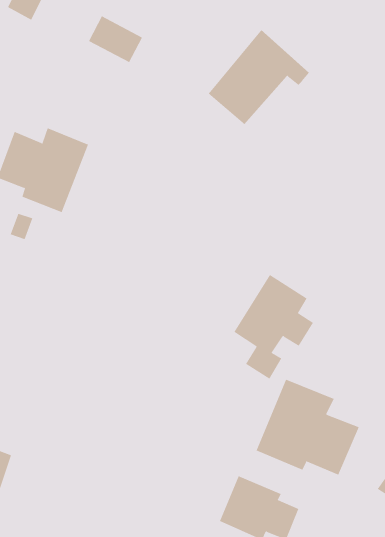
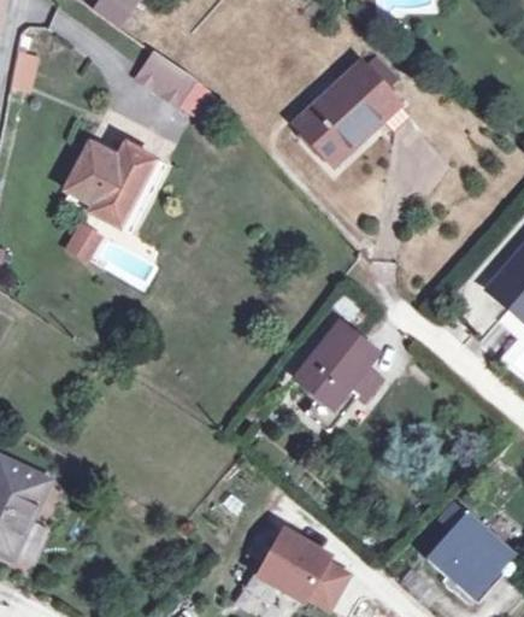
building: [88,16,143,63] -> [137,49,195,102]
building: [256,379,359,475] -> none

